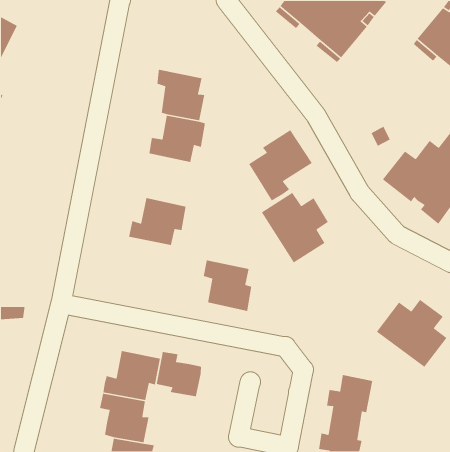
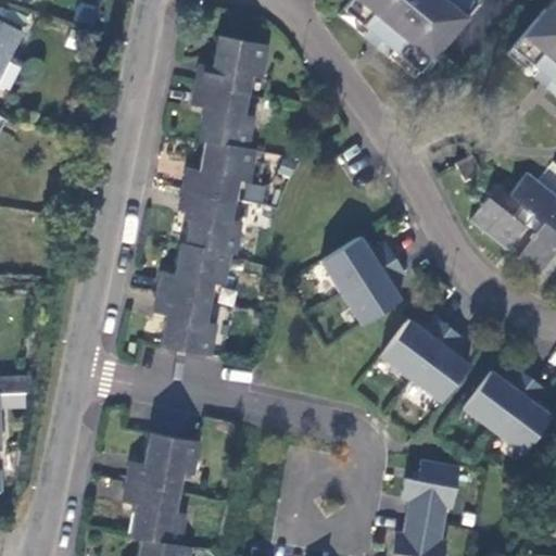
building: none -> [197,36,267,96]
building: [248,129,313,202] -> none
building: none -> [181,189,241,253]
building: none -> [382,316,470,401]
building: [203,260,252,312] -> [155,291,216,355]
building: [156,351,202,397] -> none

